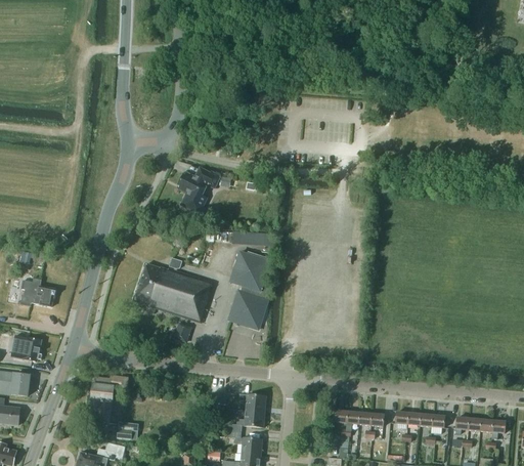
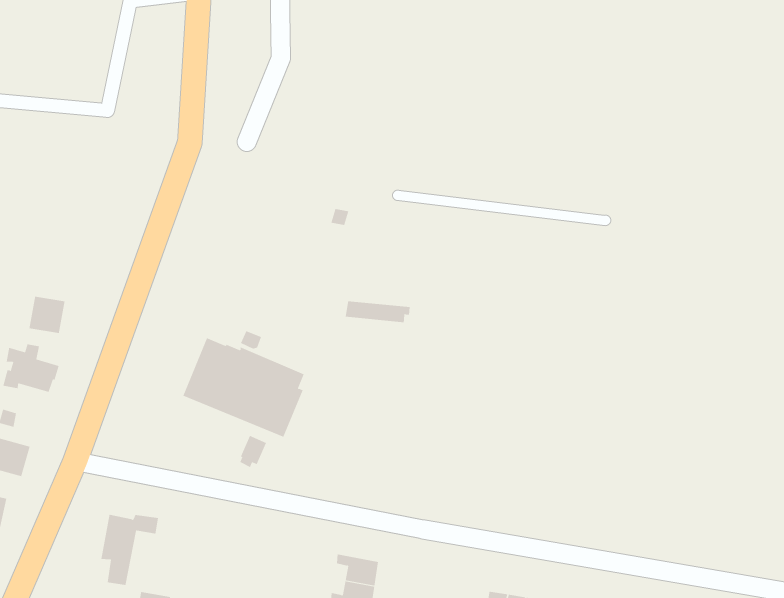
building: [177,167,218,214] -> none
building: none -> [29,296,65,334]
building: [226,250,270,331] -> none

